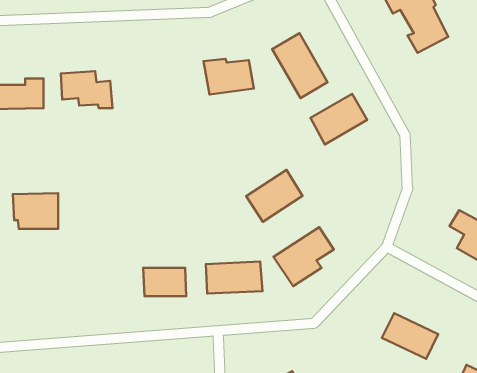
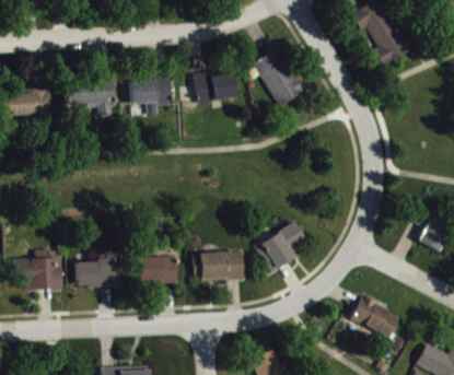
building: none -> [128,79,172,115]
building: [311,94,367,144] -> none
building: [246,170,302,222] -> none
building: [13,193,58,229] -> [22,258,62,290]
building: none -> [77,259,120,288]

